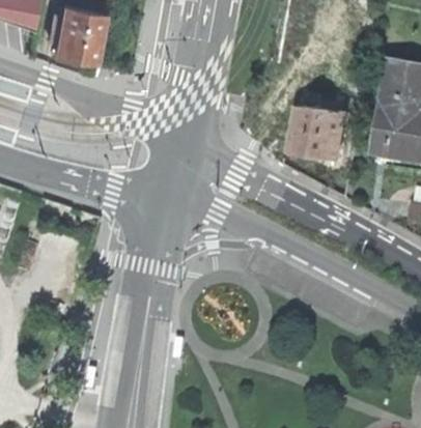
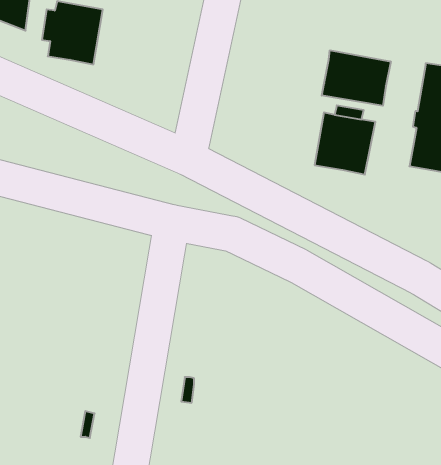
building: none -> [322,50,391,106]

